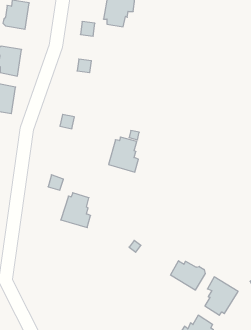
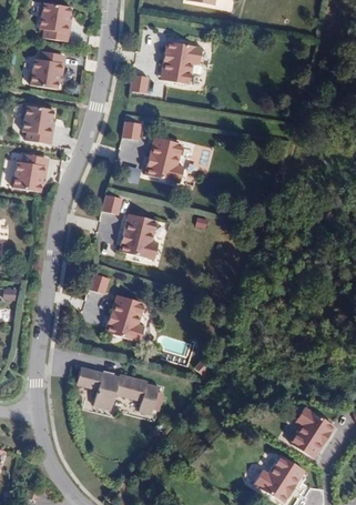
building: none -> [151,139,189,183]
building: [109,137,138,172] -> [119,214,157,260]
building: none -> [90,371,159,415]
building: [171,261,205,290] -> none

